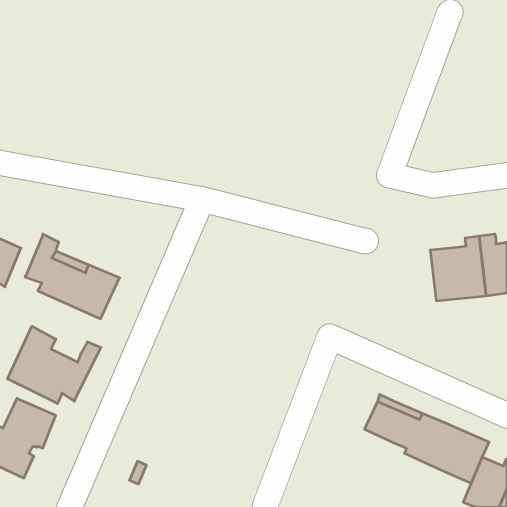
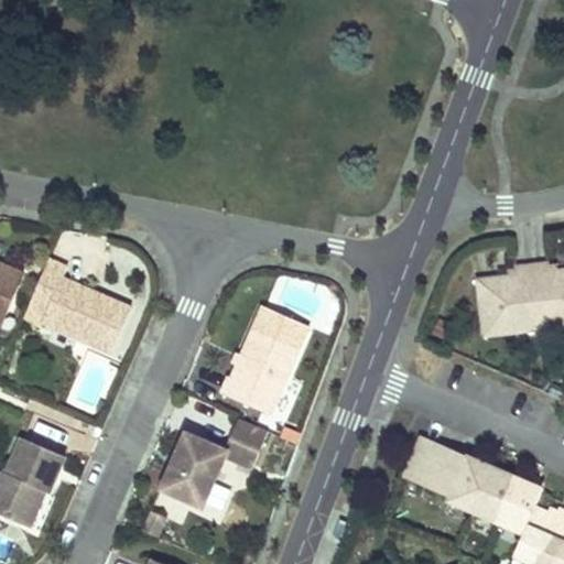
building: none -> [221,306,310,415]
building: [8,326,101,404] -> none
building: none -> [161,419,269,509]

